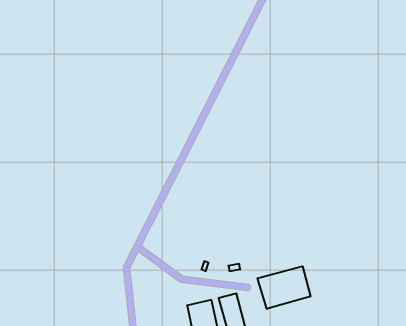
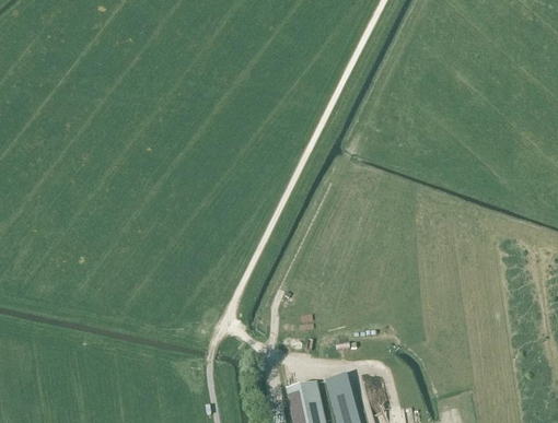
building: [258,266,310,309] -> none

